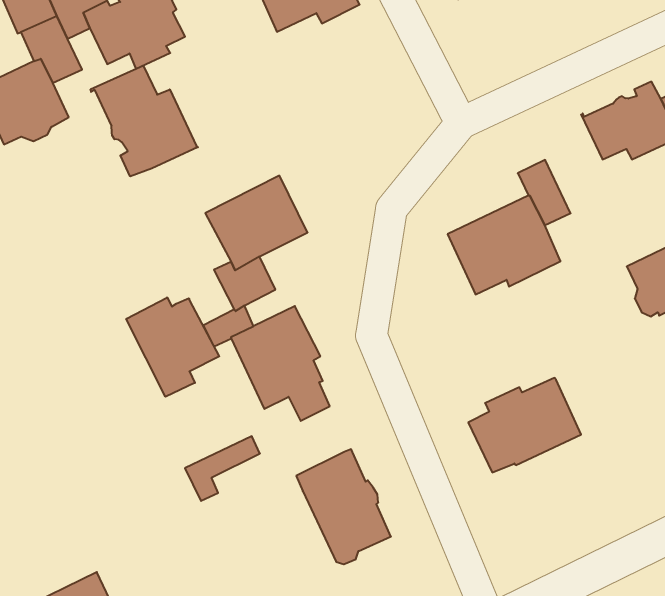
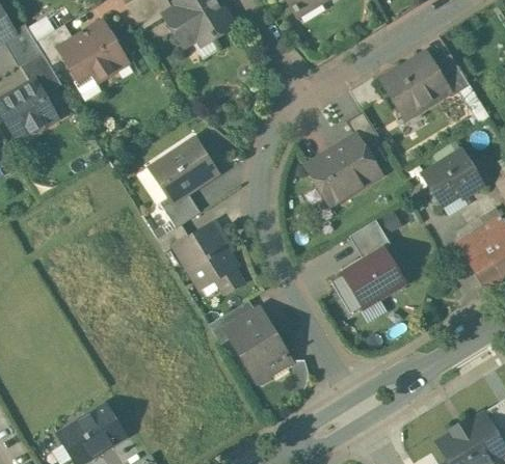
building: [91,66,198,176] -> none
building: [126,297,219,397] -> none
building: none -> [350,220,393,261]
building: [185,436,260,501] -> [209,300,256,345]

